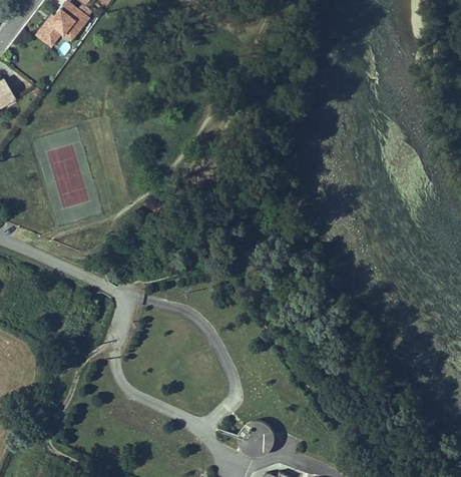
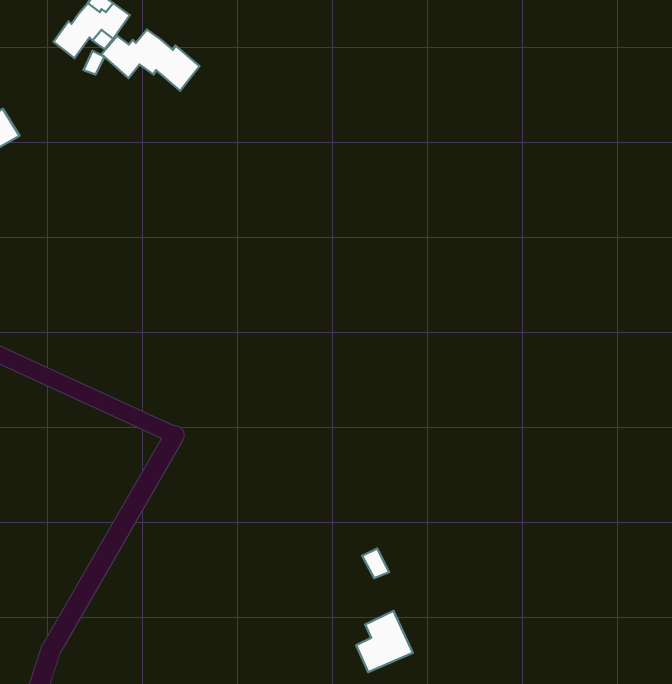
building: none -> [102,29,200,91]

